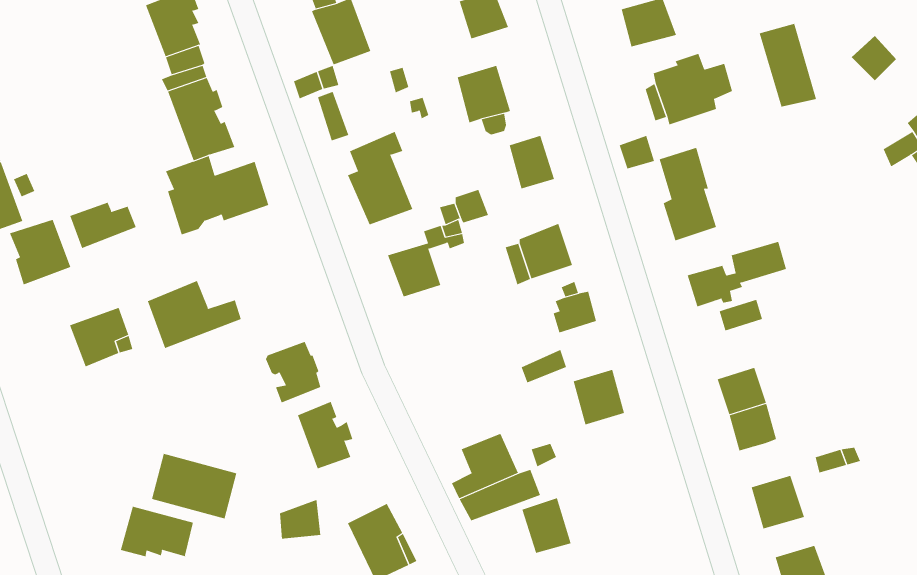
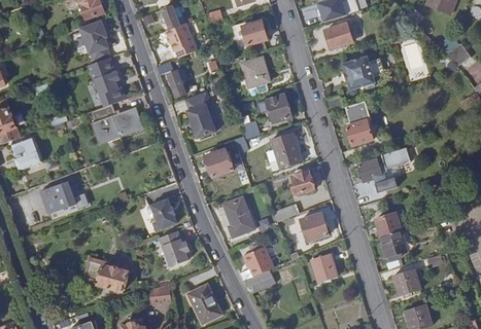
building: [69,202,137,249] -> none
building: [147,280,241,349] -> none
building: none -> [224,197,254,239]
building: [521,498,571,554] -> [311,254,337,283]
building: [120,506,193,557] -> none

